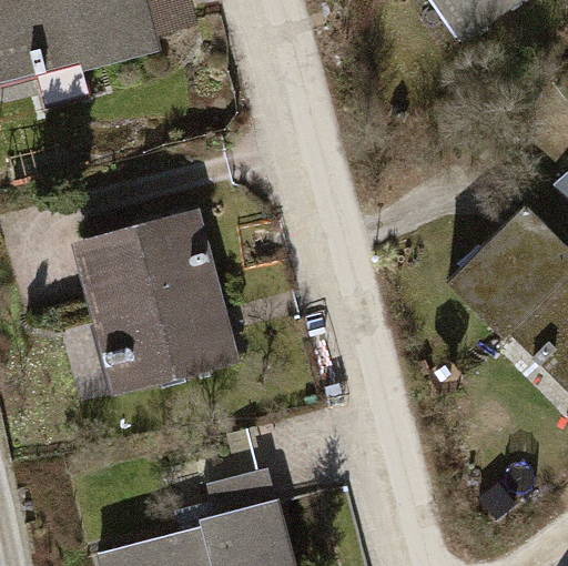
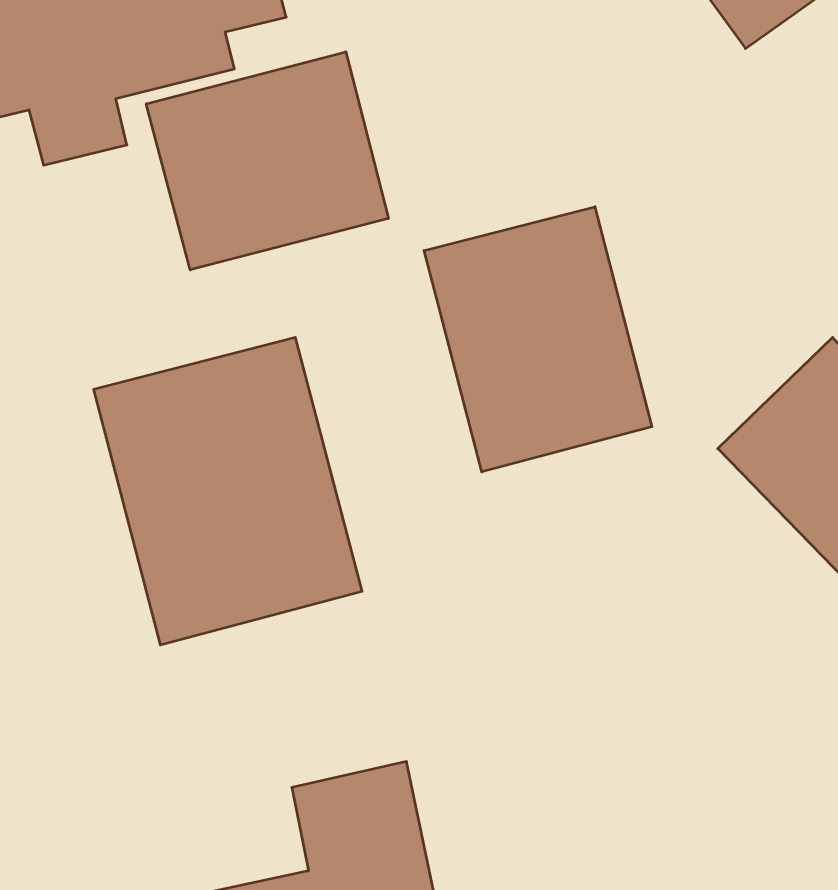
building: none -> [146,52,388,270]
building: none -> [424,207,652,472]

